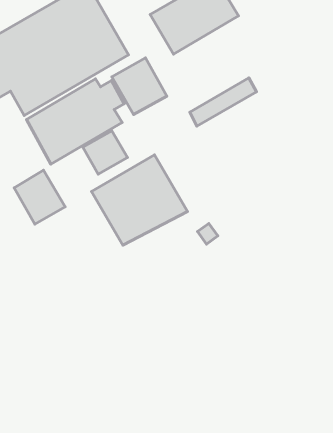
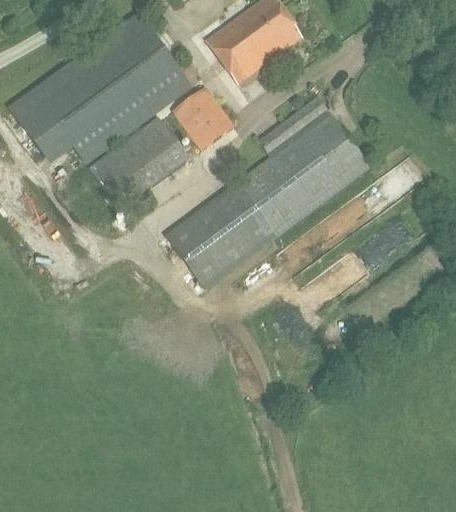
building: none -> [228,113,368,244]
building: [83,131,128,174] -> none
building: [14,170,65,224] -> none

